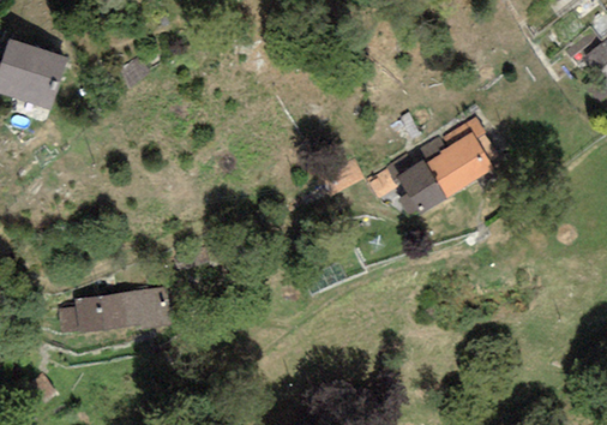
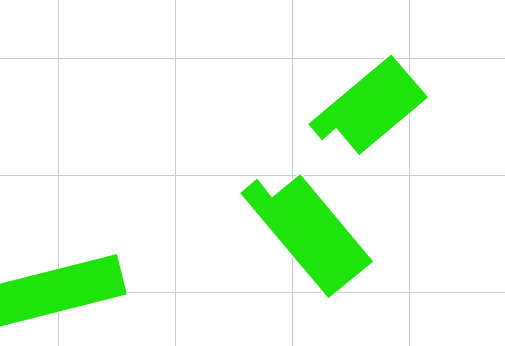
building: none -> [239,173,374,299]

